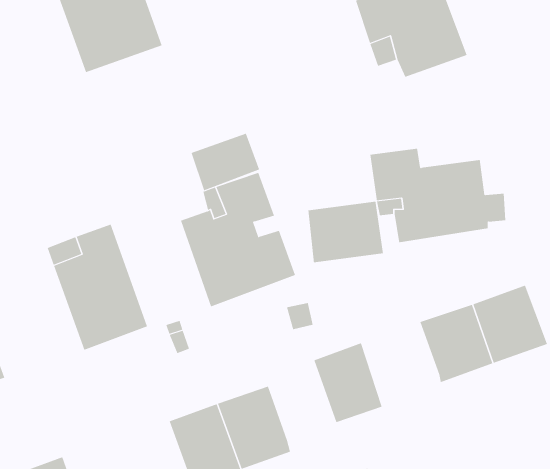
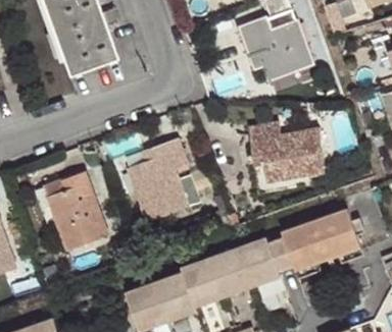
building: [191,133,260,191] -> none
building: [308,201,383,263] -> none
building: none -> [243,231,292,285]
building: none -> [182,256,227,307]

